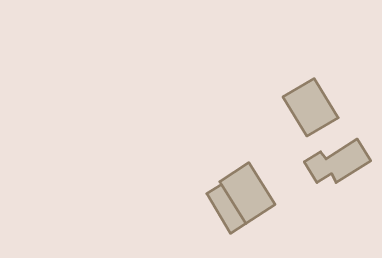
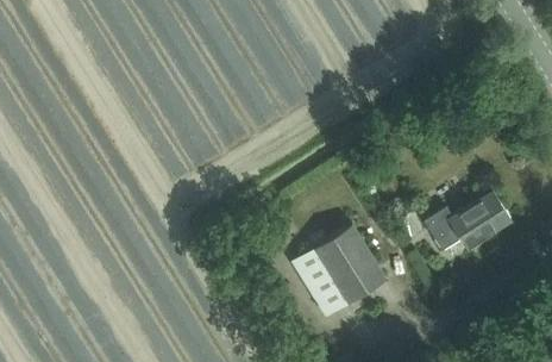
building: [283,79,338,136] -> none

